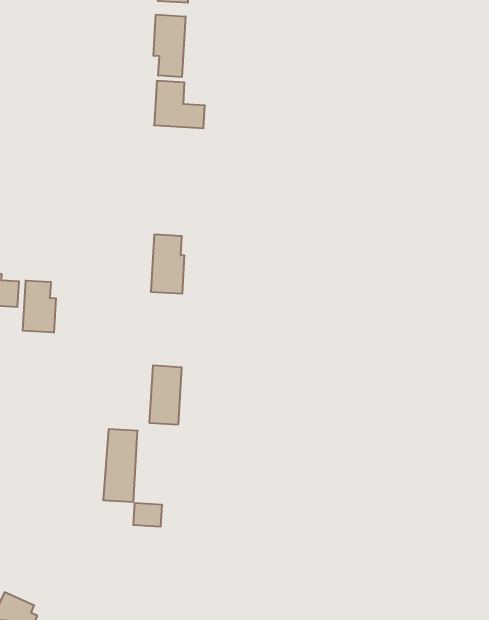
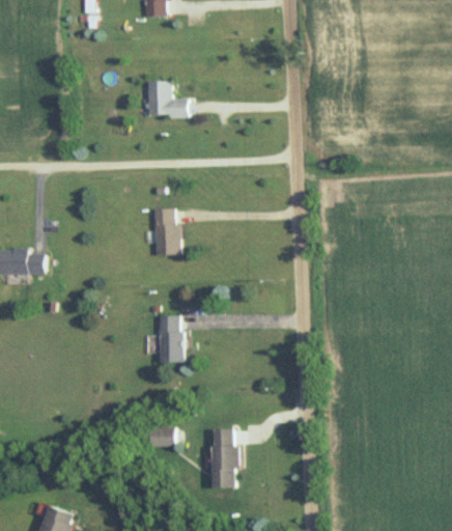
building: [154,15,186,77] -> none
building: [23,280,56,333] -> none
building: [103,429,138,502] -> [211,428,236,486]

